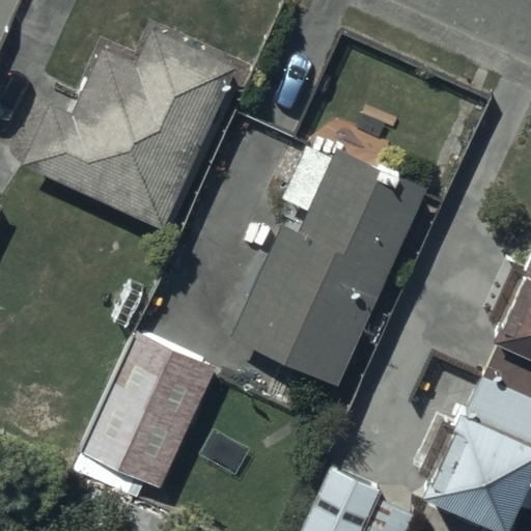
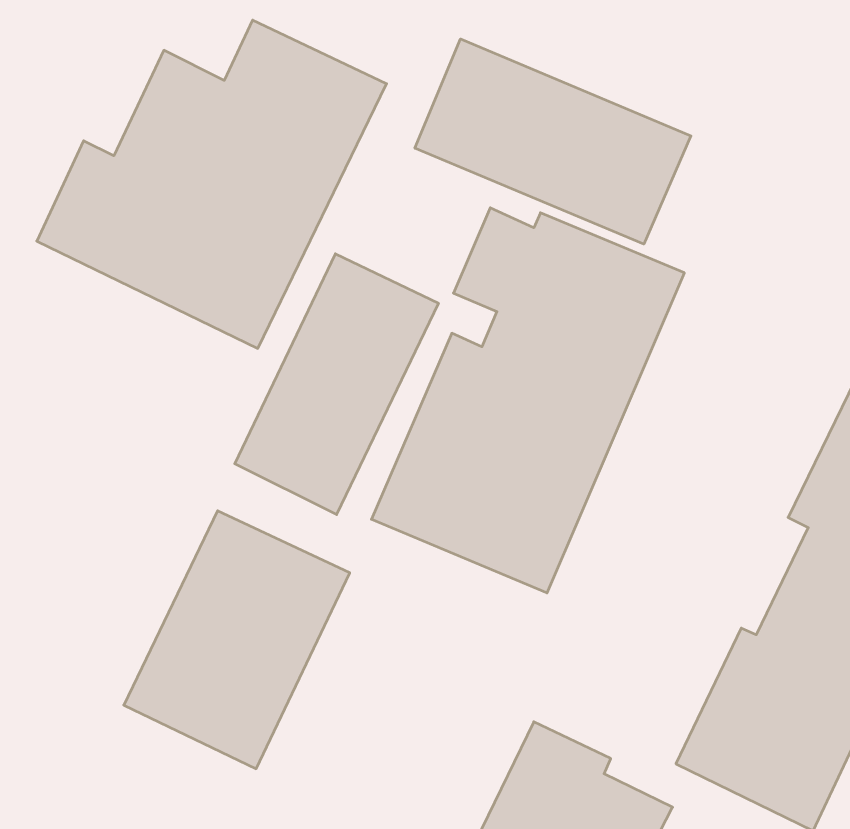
building: none -> [415,39,691,244]
building: none -> [235,254,438,515]

